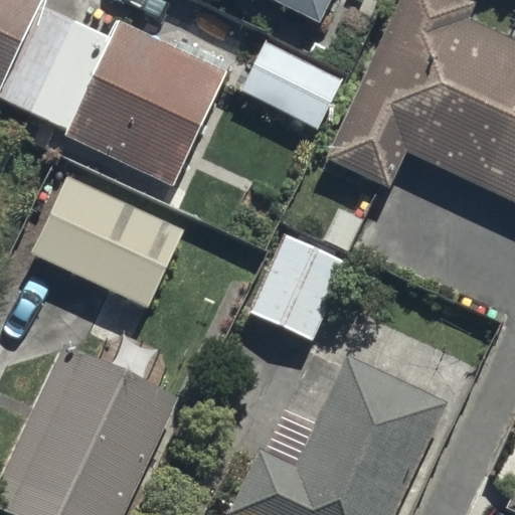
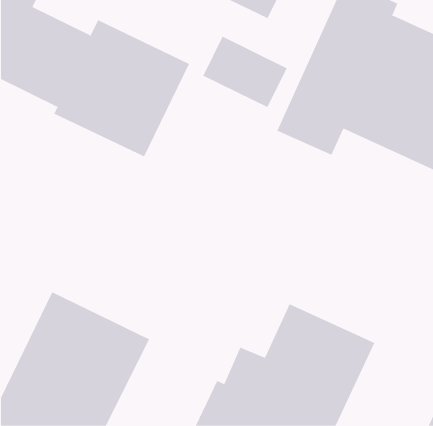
building: [30,175,186,308] -> none
building: [245,233,345,337] -> none

